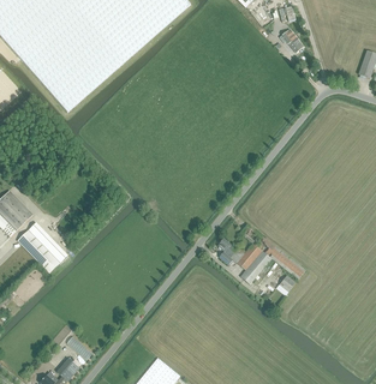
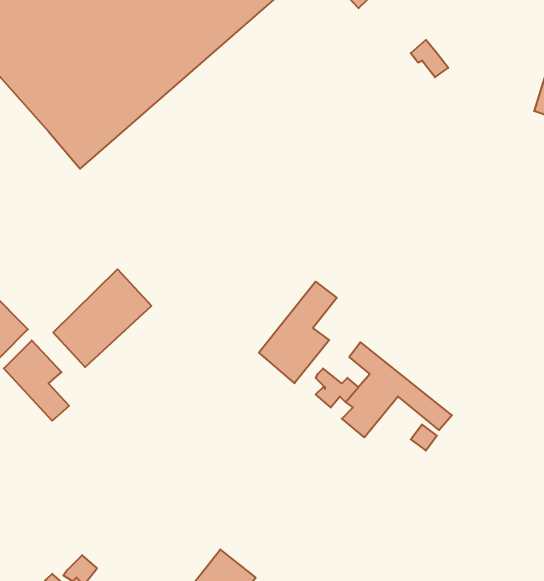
building: none -> [53,269,151,367]
building: none -> [259,282,337,383]

